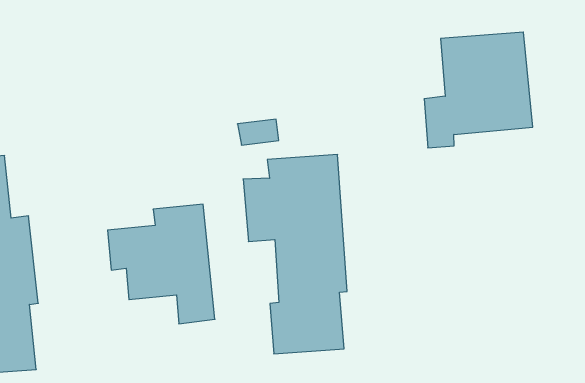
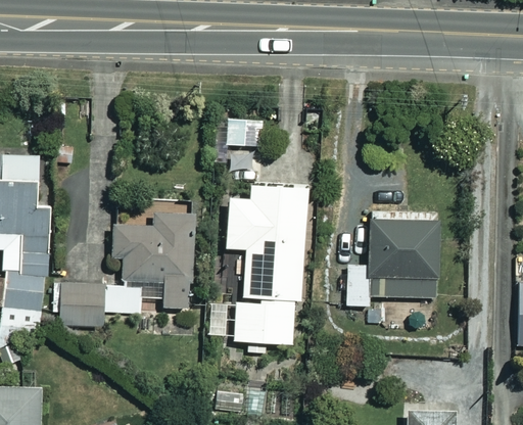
building: [424,32,533,148] -> [347,219,436,306]
building: none -> [56,285,142,327]

